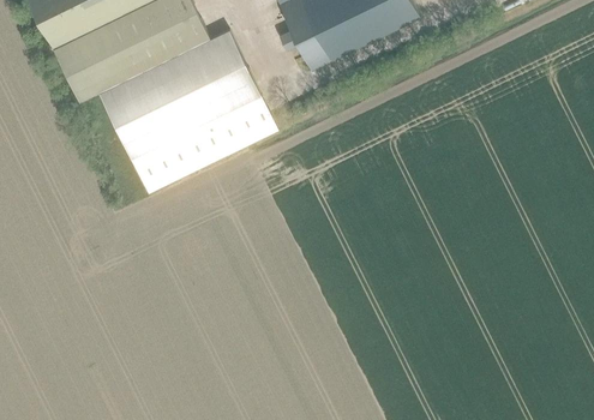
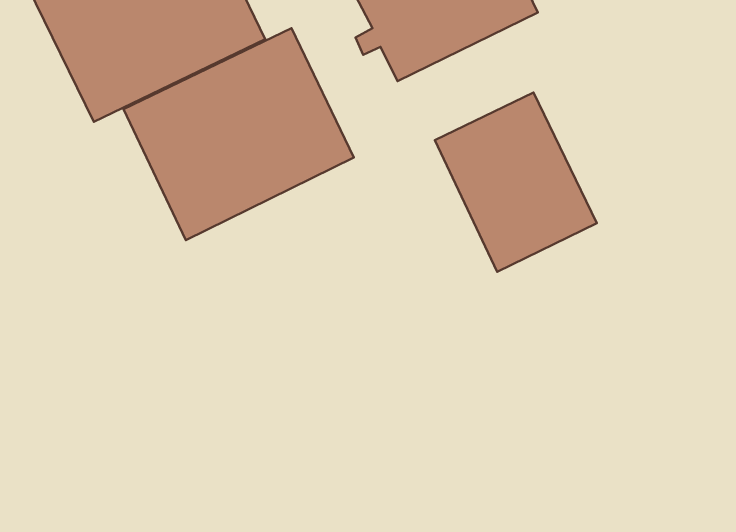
building: none -> [435,92,597,272]

